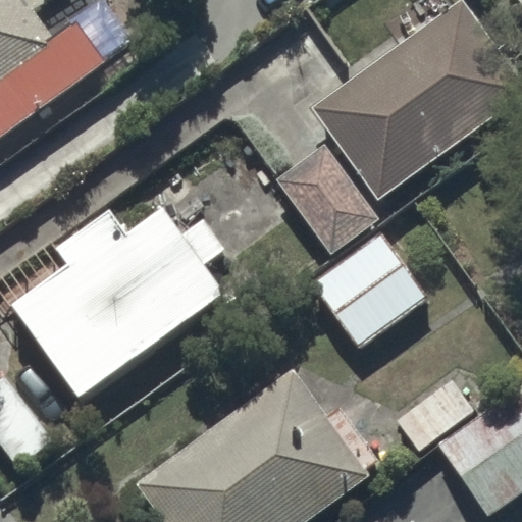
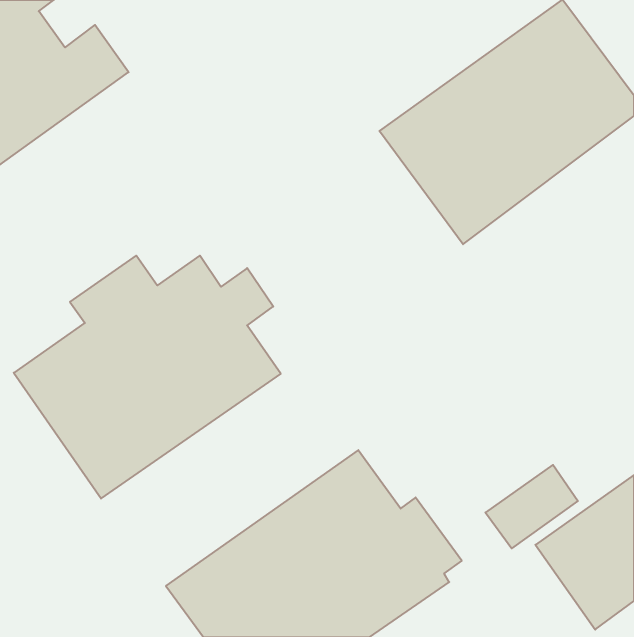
building: [275,145,379,255] -> none
building: [312,231,430,350] -> none

